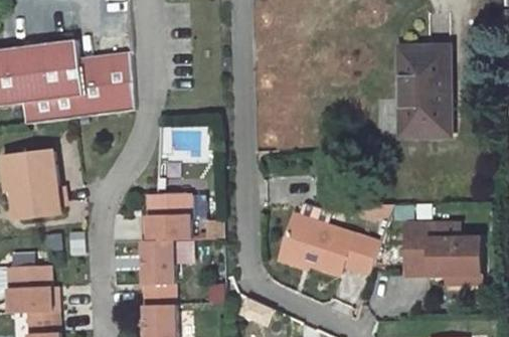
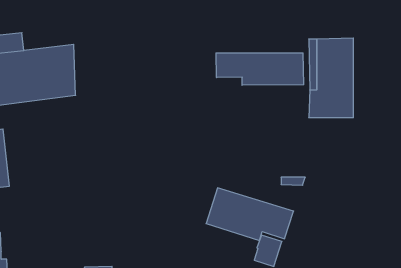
building: none -> [216,53,304,85]
building: [141,192,190,299] -> none
building: [405,221,480,272] -> none

